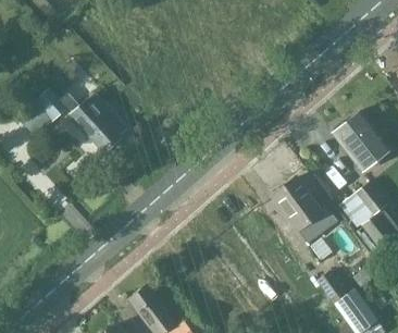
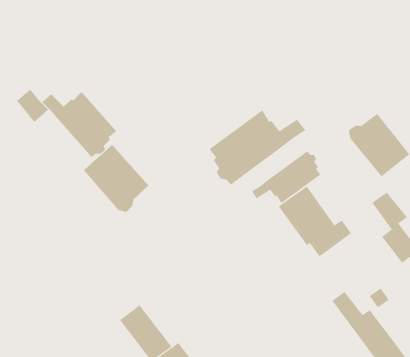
building: none -> [209,110,306,185]
building: none -> [83,144,149,213]
building: none -> [251,151,321,204]

